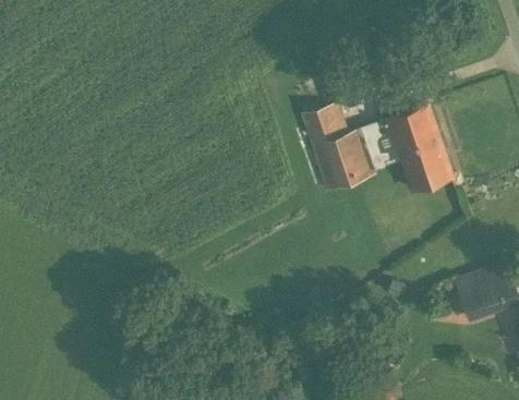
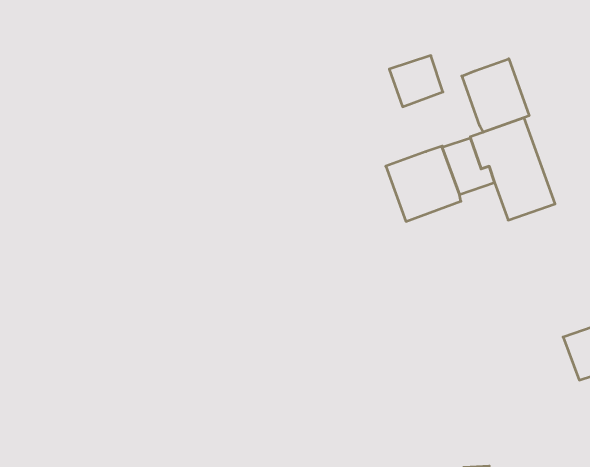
building: none -> [462,59,529,132]
building: [304,105,348,146] -> [389,56,443,107]

